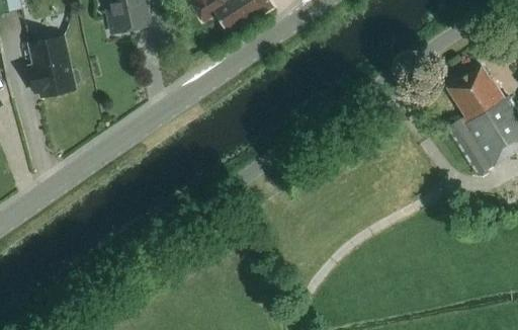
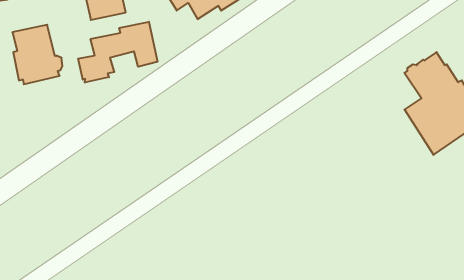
building: none -> [78,22,157,83]

